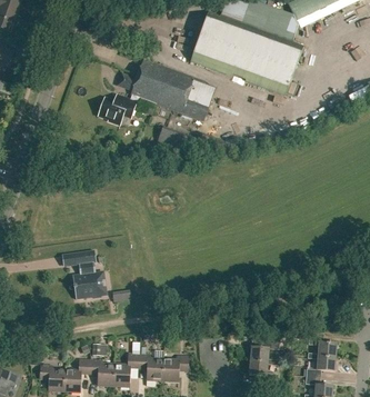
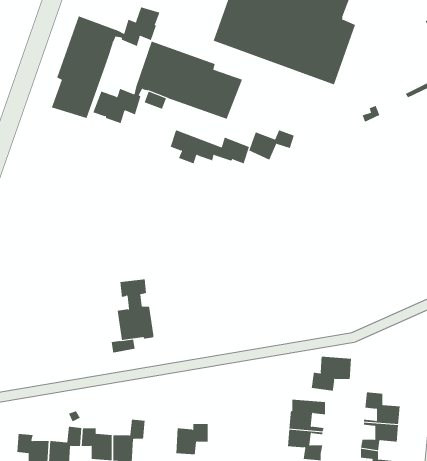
building: none -> [51,6,160,119]
building: none -> [249,129,295,160]
building: [72,250,101,298] -> [117,279,154,341]
building: none -> [311,356,352,392]
building: [138,354,163,379] -> none

